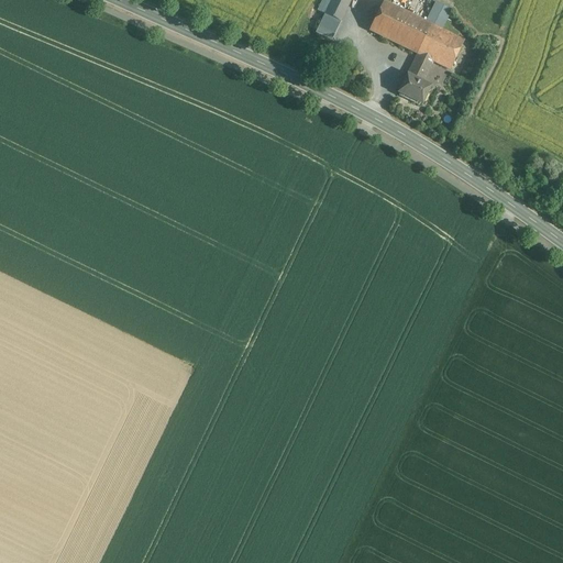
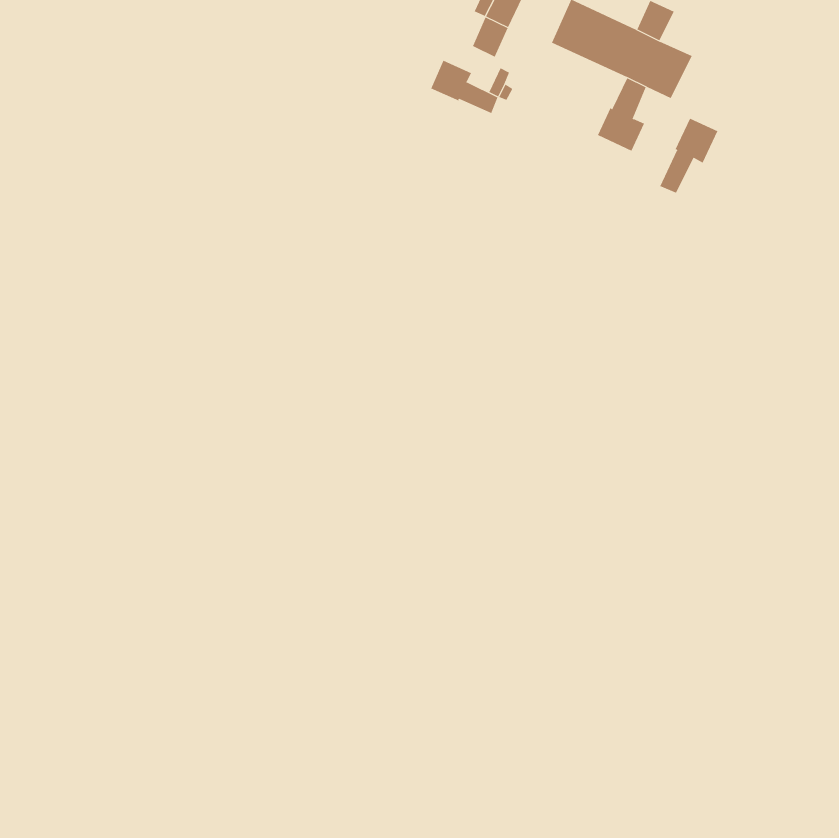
building: none -> [430,60,498,114]
building: none -> [660,118,718,194]

